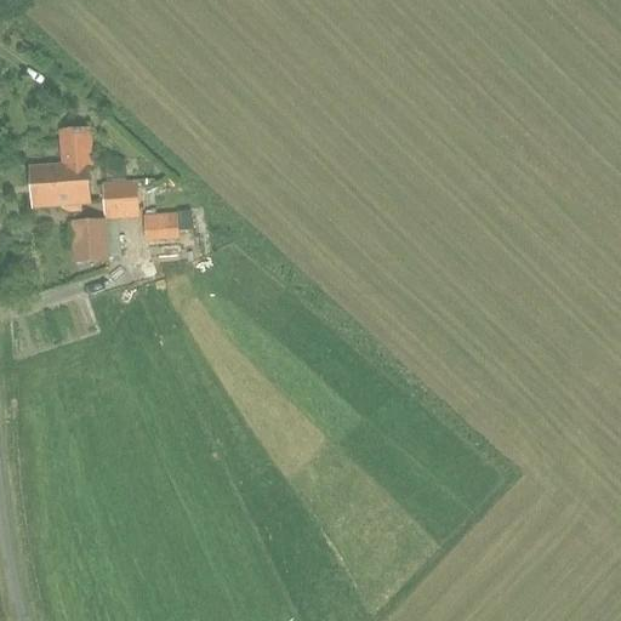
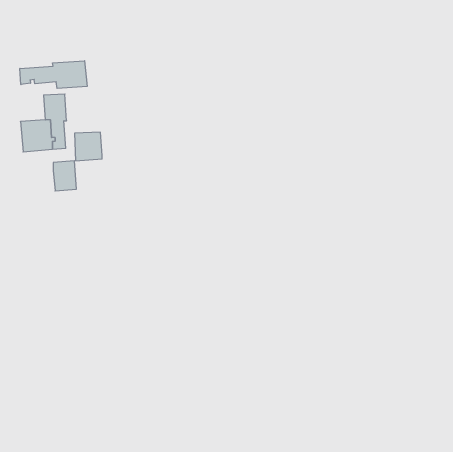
building: none -> [20,61,87,88]
building: [142,210,193,241] -> none

